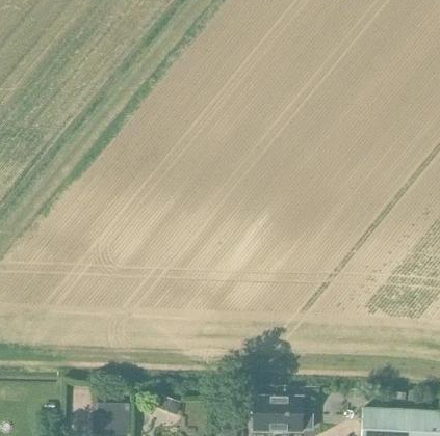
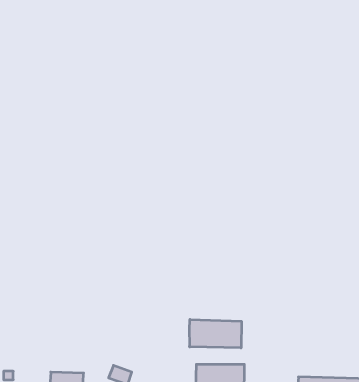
building: none -> [189,319,241,348]

